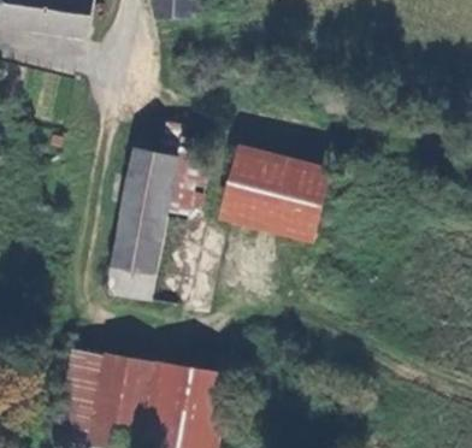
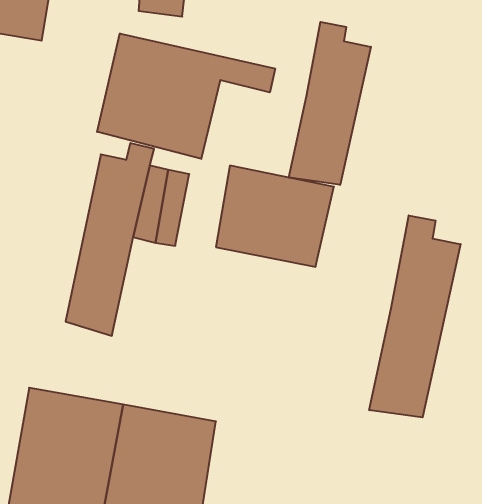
building: none -> [289,22,371,185]
building: none -> [97,33,275,159]
building: none -> [369,215,461,417]

